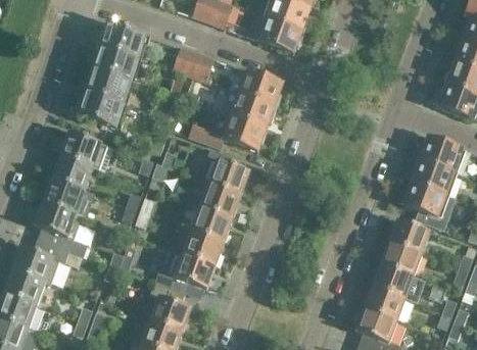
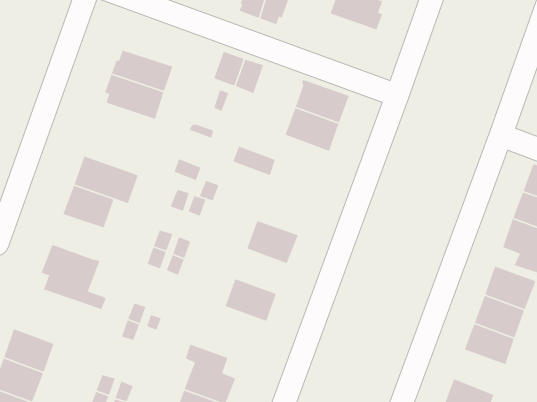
building: [254,18,302,53] -> none
building: [97,23,149,60] -> none
building: [78,90,126,129] -> none
building: [221,115,265,151] -> none
building: [206,160,248,195] -> none
building: [43,179,93,217] -> none
building: [189,206,231,242] -> none
building: [12,239,83,284] -> none
building: [153,252,214,293] -> none
building: [364,287,406,322] -> none

